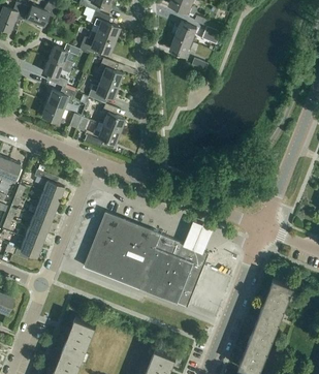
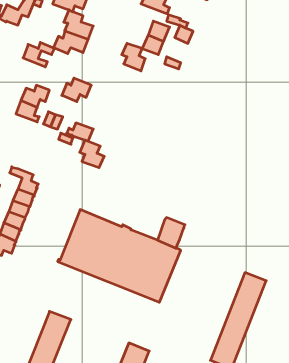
building: [42,60,70,89] -> none
building: [97,60,121,88] -> [122,43,145,71]
building: [99,104,124,132] -> [80,140,104,168]

